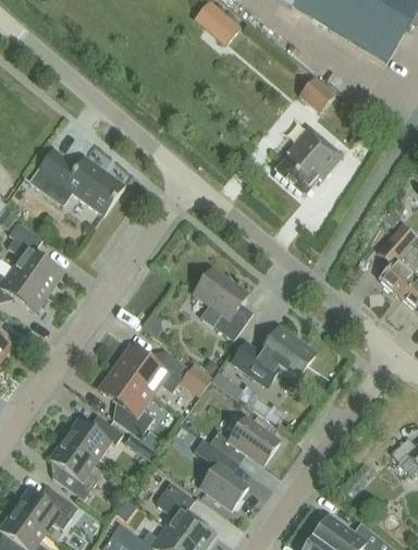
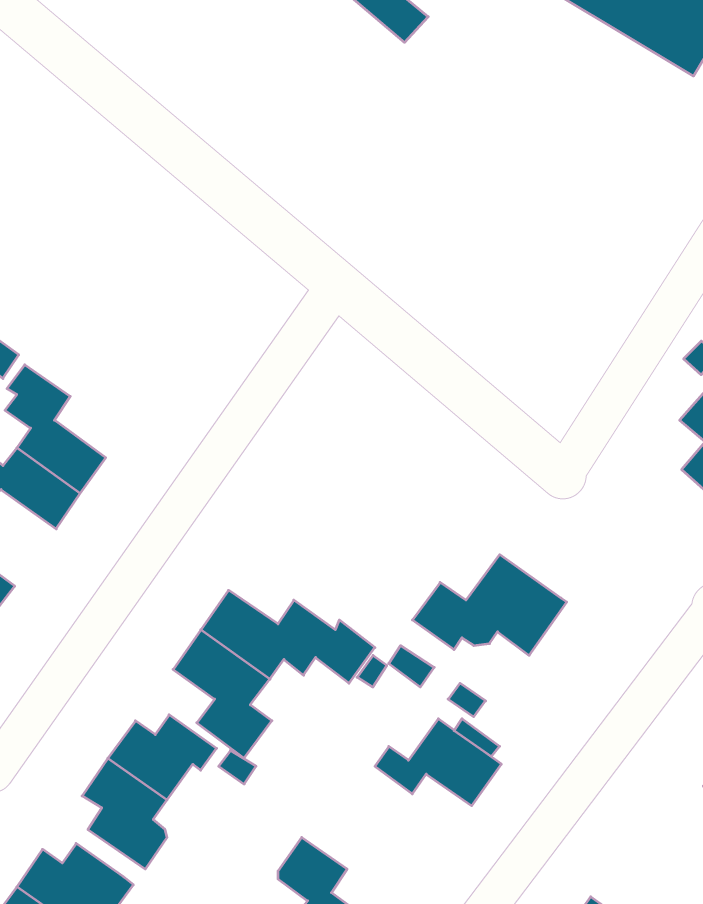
building: [298,77,334,112] -> none
building: [274,125,343,195] -> none
building: [28,149,125,215] -> none
building: [194,268,253,340] -> none
building: [194,438,248,509] -> none

